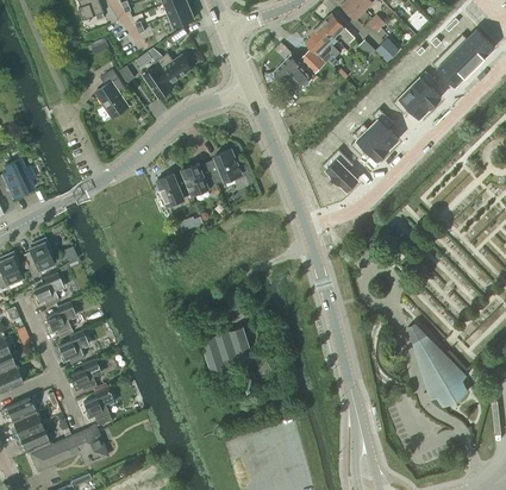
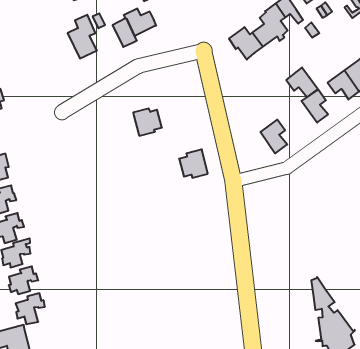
building: [351,128,388,161] -> [286,67,318,97]
building: [207,149,242,182] -> [179,149,208,178]
building: [156,174,190,206] -> none
building: [200,327,252,371] -> none

